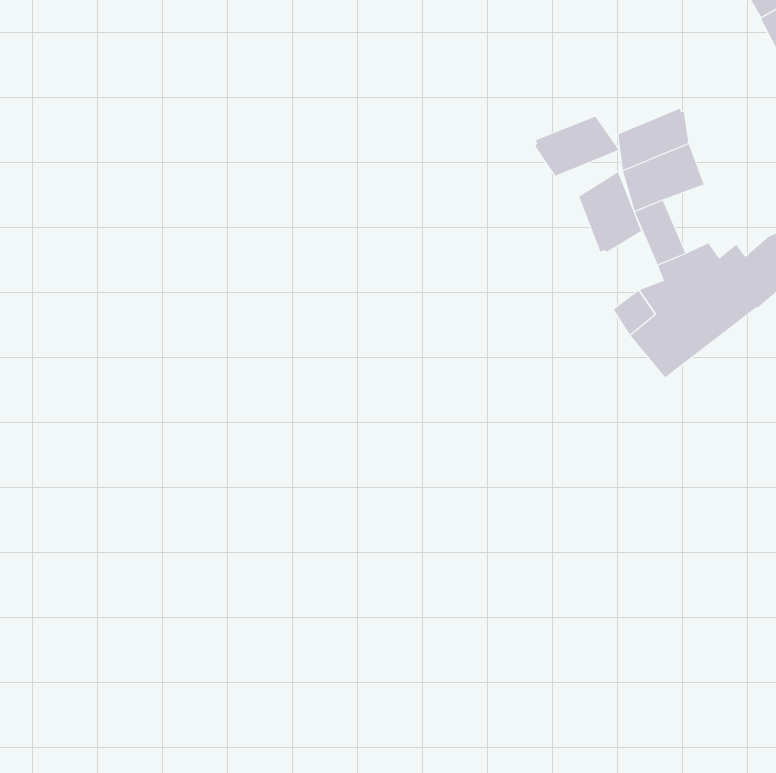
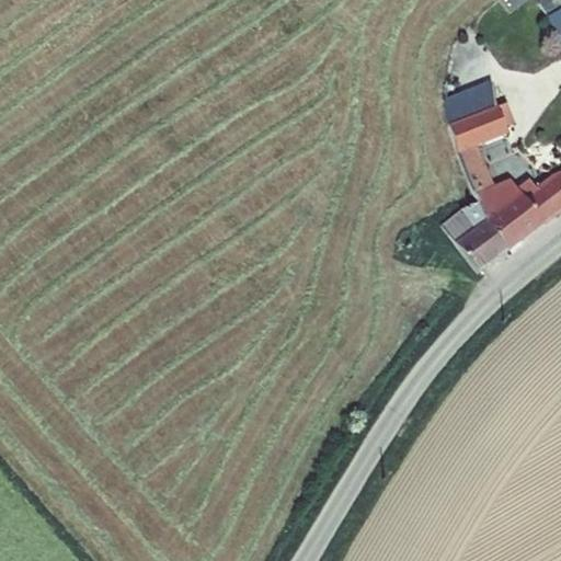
building: [535,116,619,177] -> none
building: [579,171,642,253] -> none

